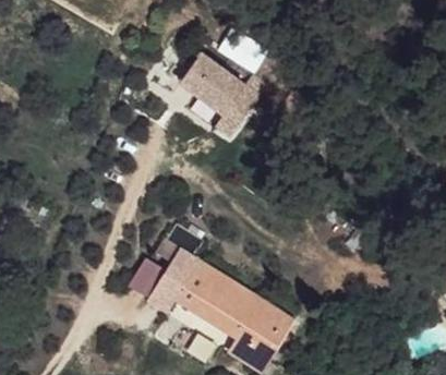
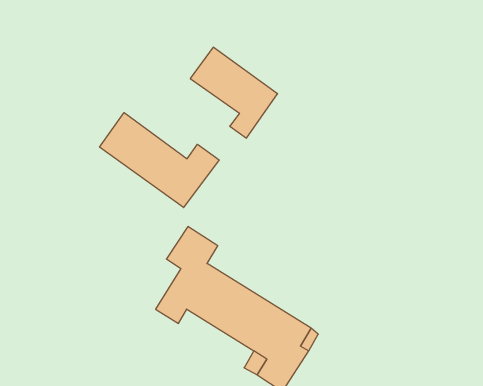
building: none -> [100,113,219,208]

